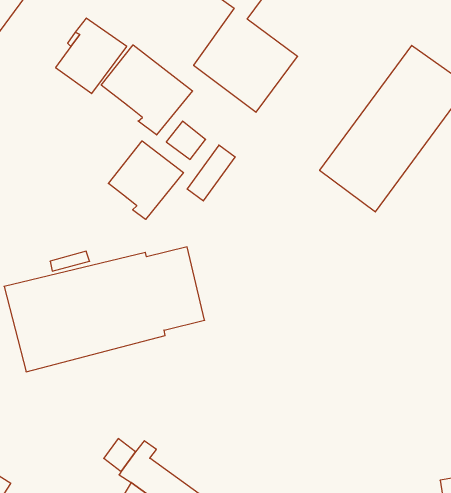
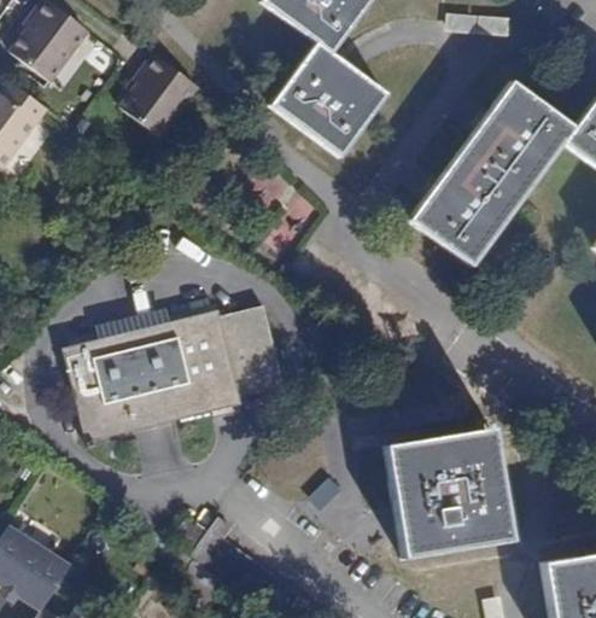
building: [101,45,193,135] -> none
building: [108,141,183,219] -> none
building: none -> [387,428,513,558]

